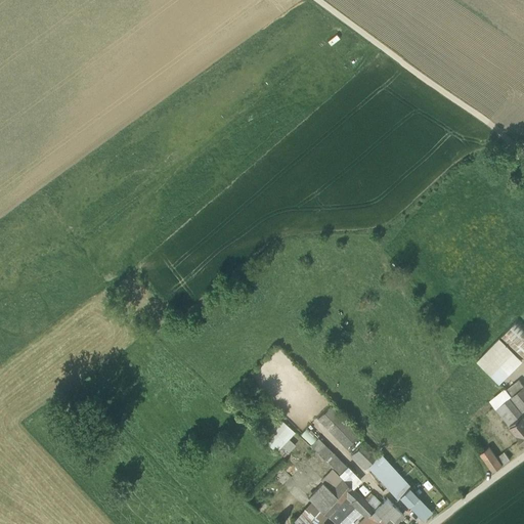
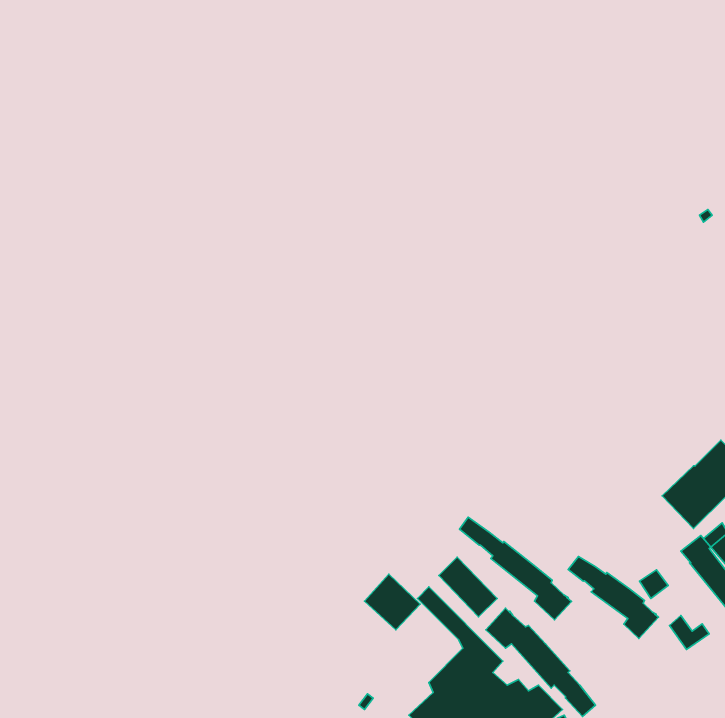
building: none -> [460,517,571,620]
building: none -> [568,556,658,638]

